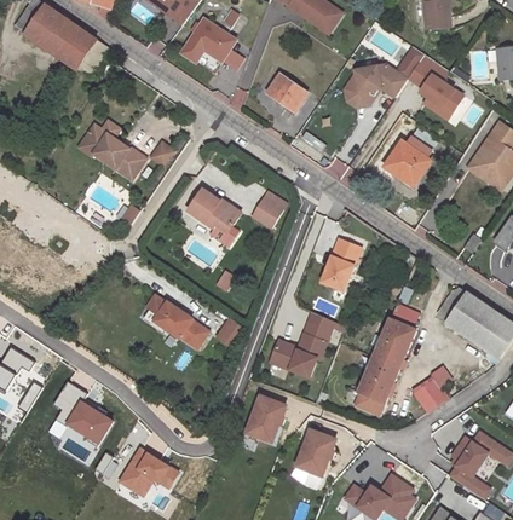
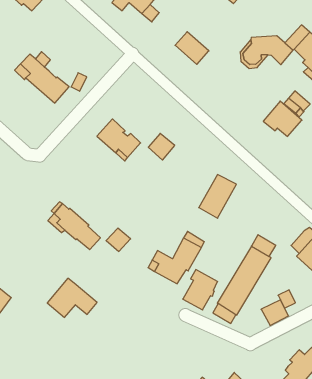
building: [248,395,286,441] -> none
building: [296,429,335,476] -> [183,270,218,310]
building: [119,447,178,495] -> [47,278,97,317]

